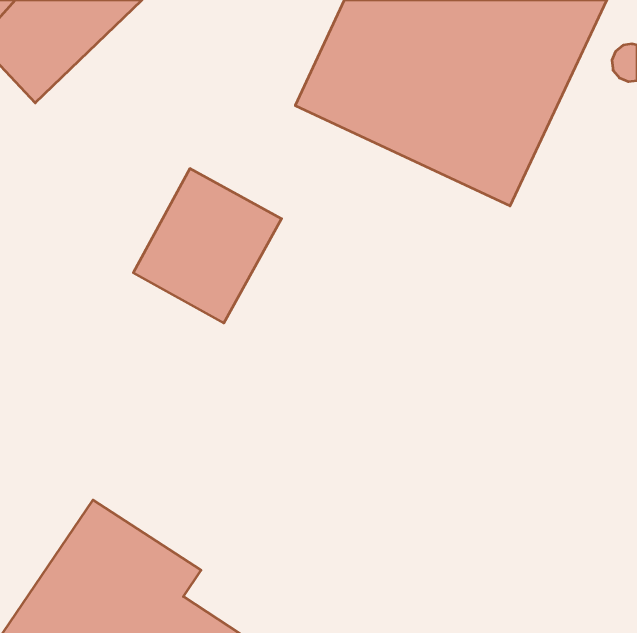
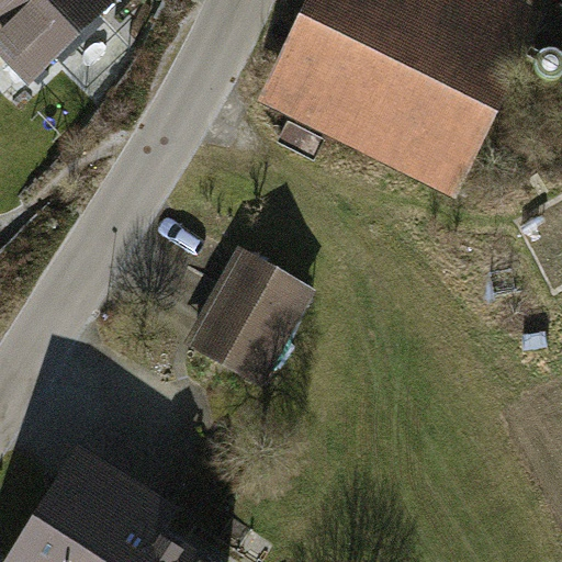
building: [133,169,282,323] -> [186,245,315,380]

